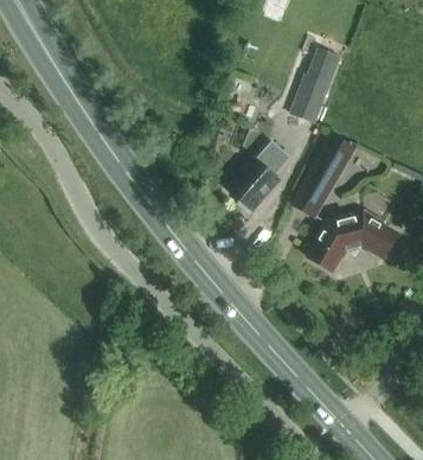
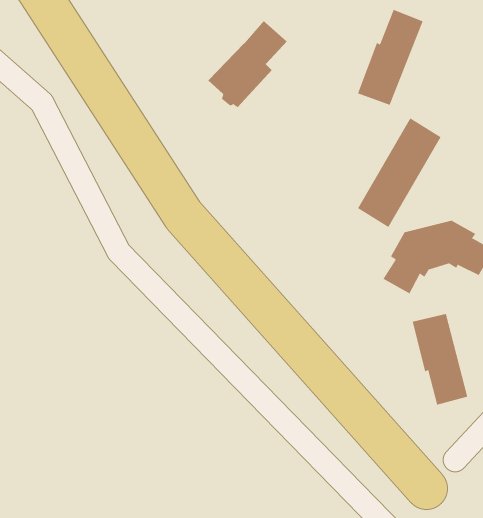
building: [229,141,291,210] -> [208,20,287,108]
building: none -> [412,313,468,405]

